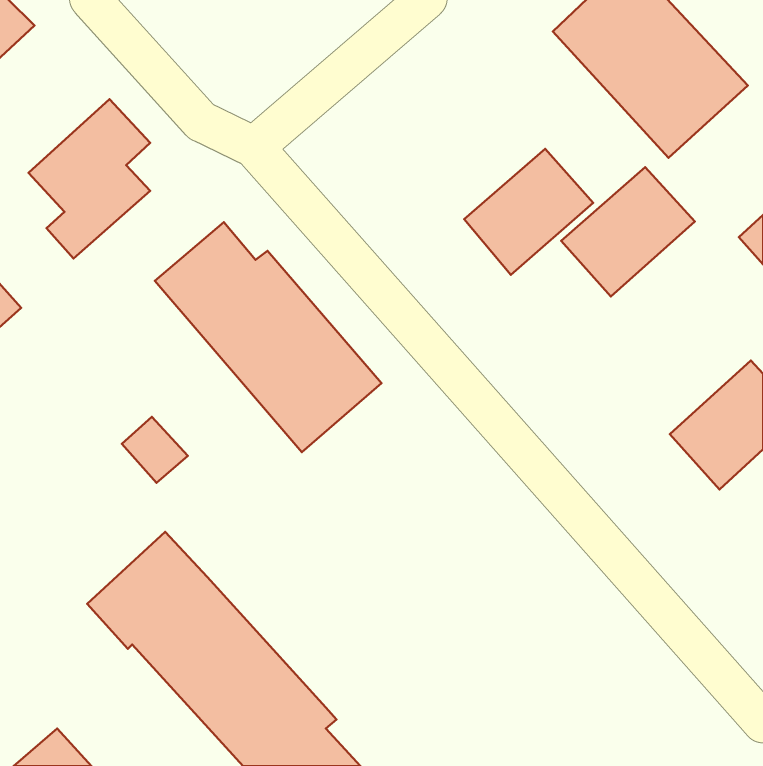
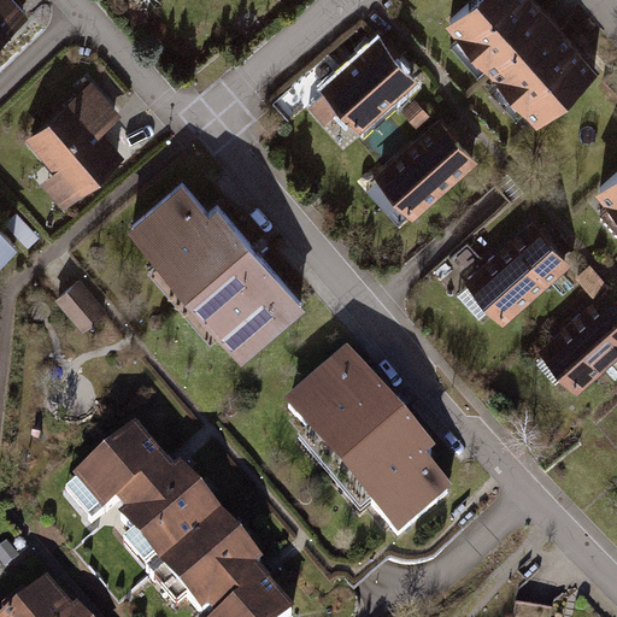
building: none -> [319,40,419,139]
building: [561,167,695,296] -> [464,222,571,325]
building: [122,417,188,483] -> [54,278,107,331]
building: none -> [282,357,448,541]

